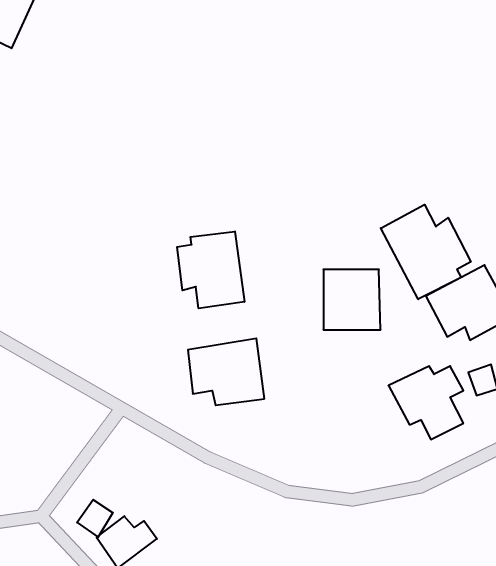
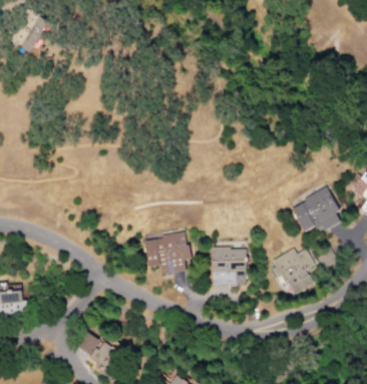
building: [381,205,471,299] -> none
building: [177,231,244,308] -> none
building: [323,269,381,330] -> [213,247,248,284]

